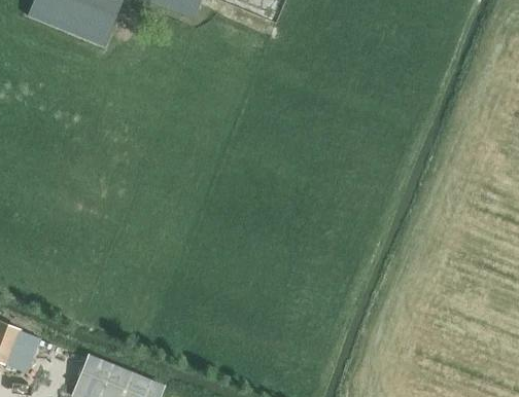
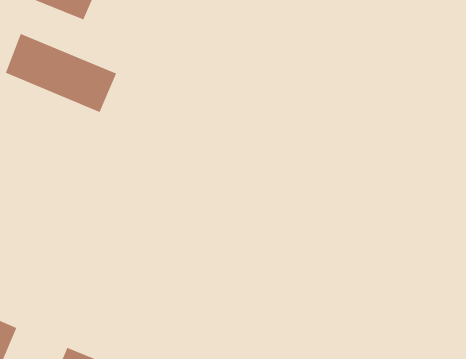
building: none -> [5,33,117,113]

